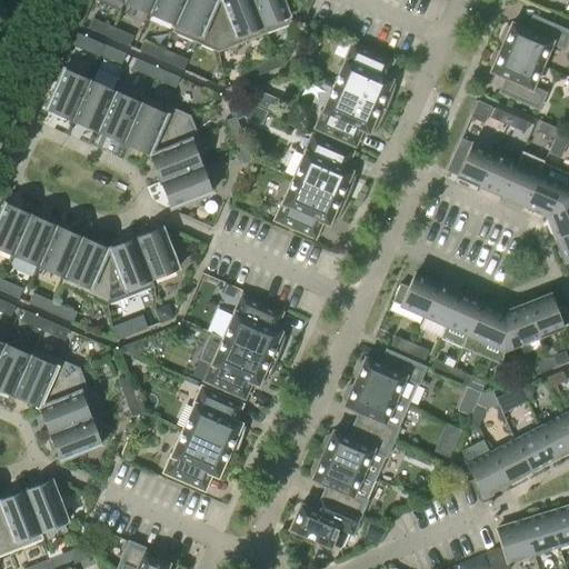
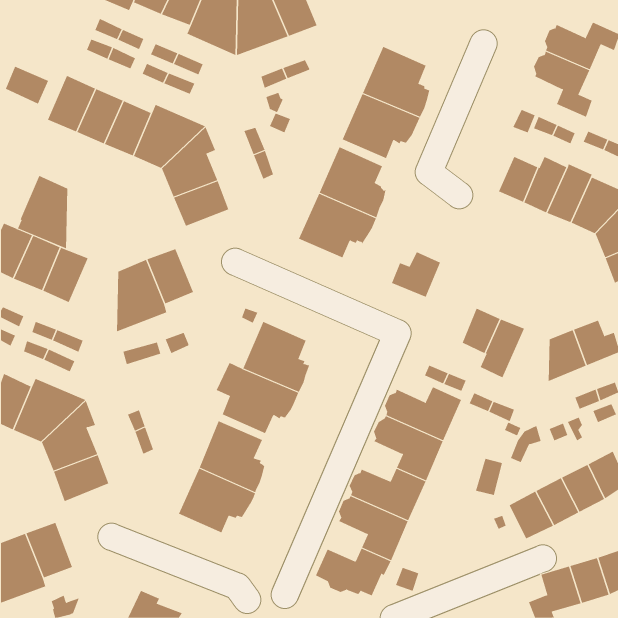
building: none -> [5,66,49,105]
building: [62,237,109,305] -> [17,175,68,249]
building: [392,272,438,315] -> [391,252,441,298]
building: [462,301,505,363] -> none

